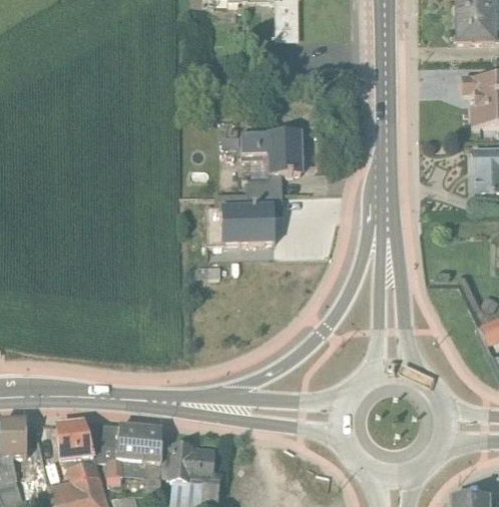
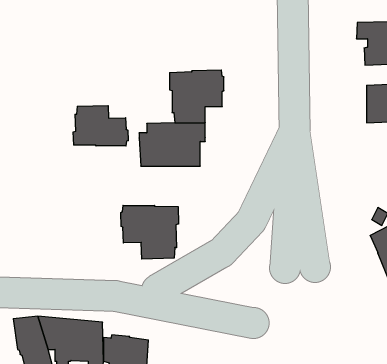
building: none -> [73,106,128,146]
building: none -> [121,205,179,259]

